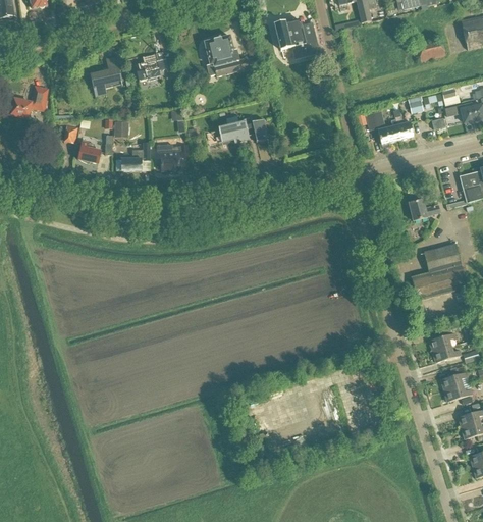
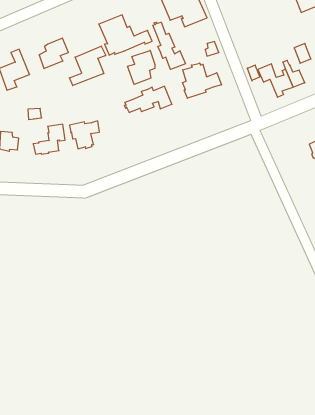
building: none -> [153,22,185,69]
building: none -> [69,46,106,86]
building: none -> [128,50,155,84]
building: none -> [183,63,221,98]

